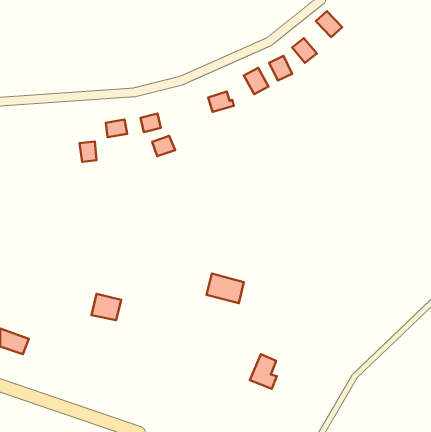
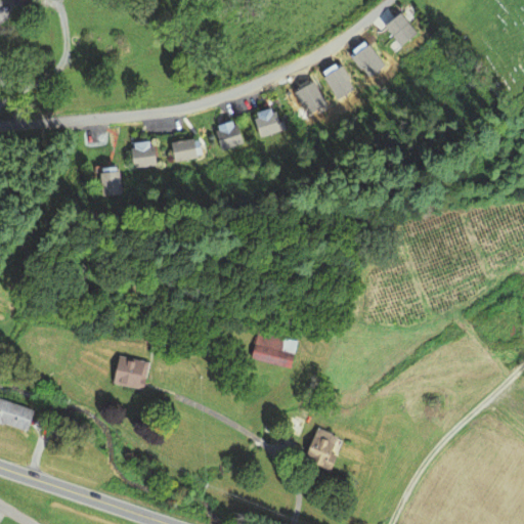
building: [152,136,175,156] -> [216,125,244,149]

